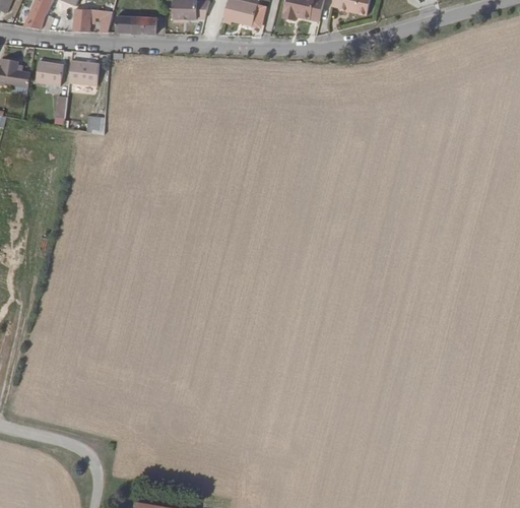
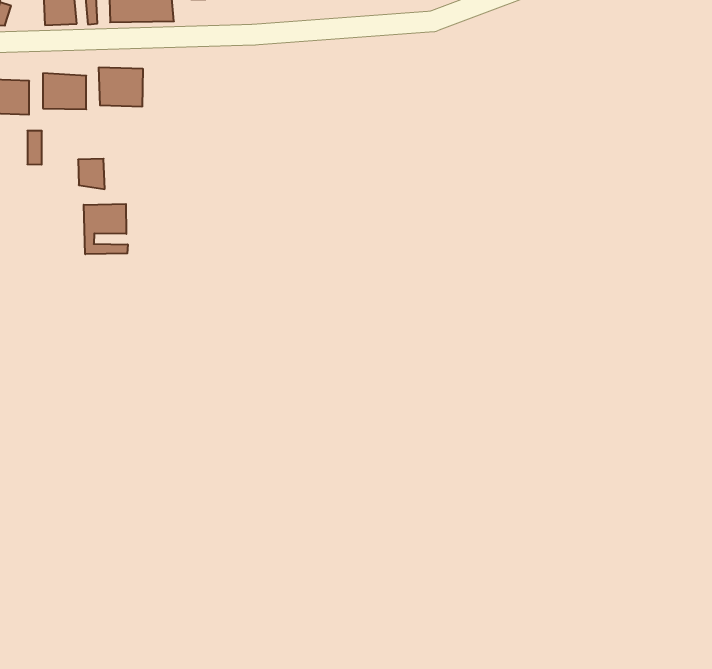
building: none -> [99,67,143,107]
building: none -> [84,204,128,254]

